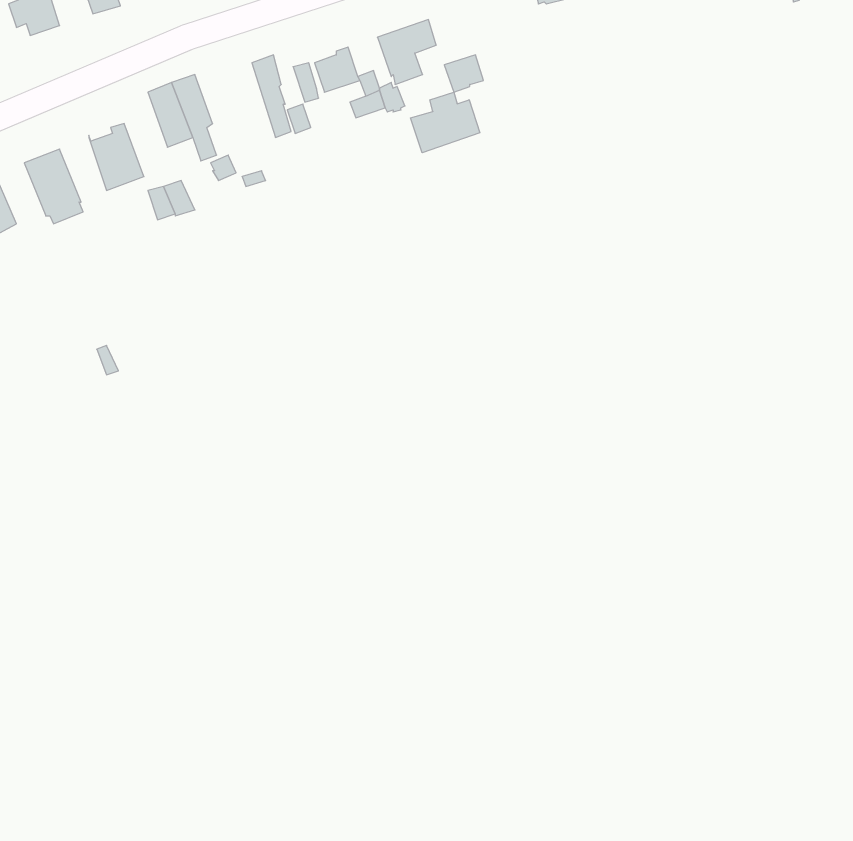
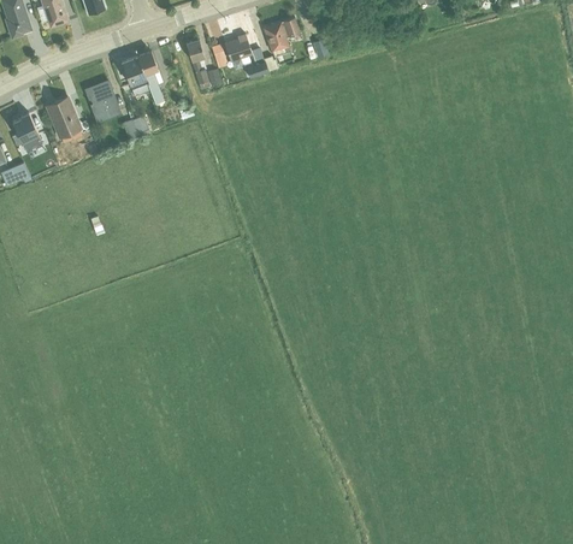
building: [410,92,480,153] -> none

